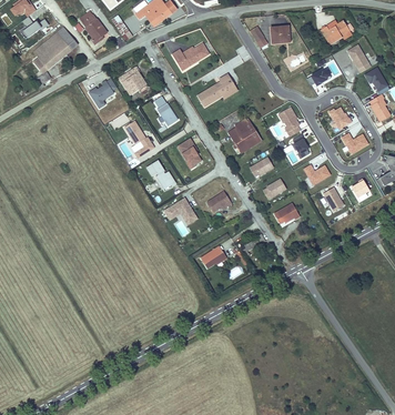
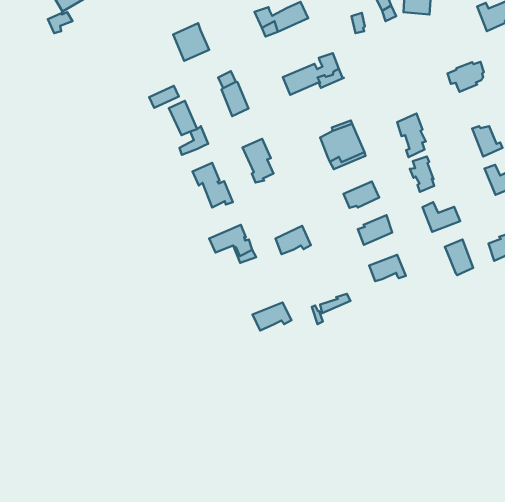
building: [89,79,118,109] -> none

